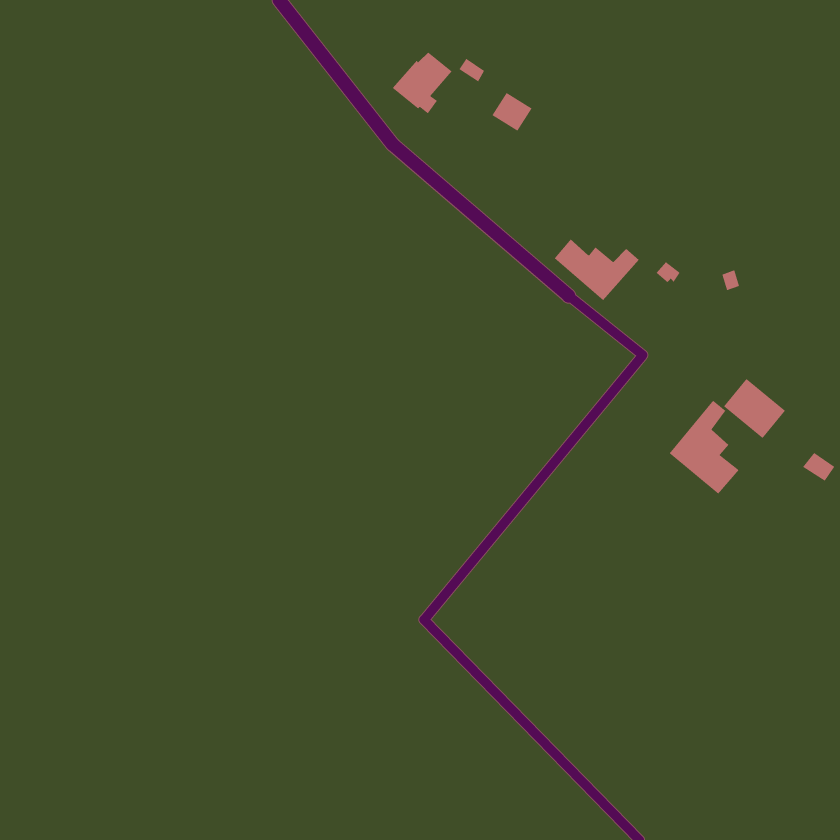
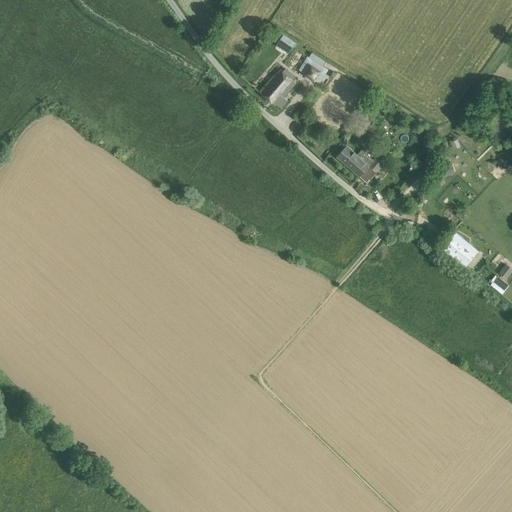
building: [392,52,453,114] -> [259,70,296,108]
building: [669,400,739,494] -> none

